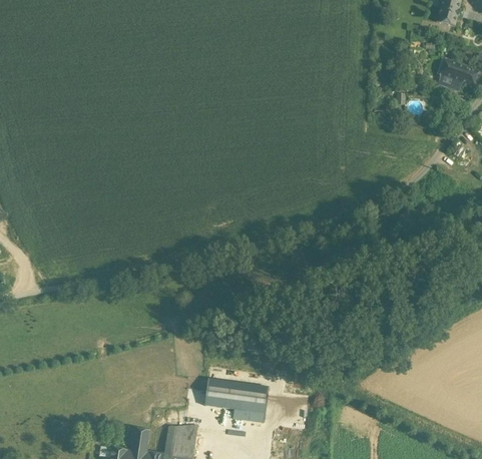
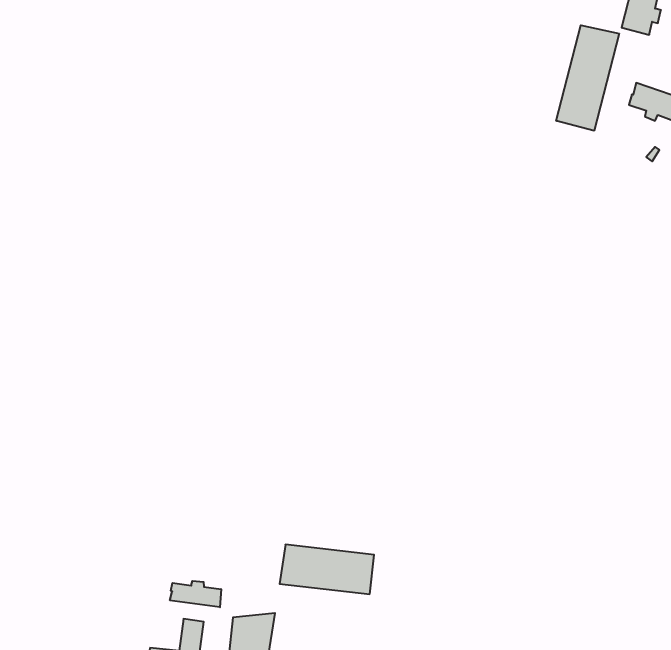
building: none -> [556,25,619,131]
building: none -> [170,581,221,607]

